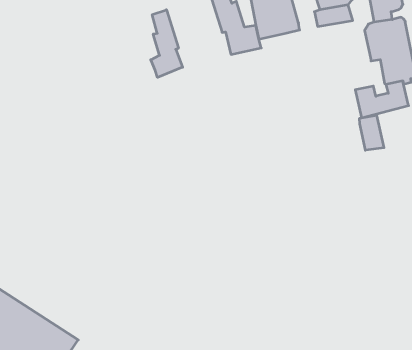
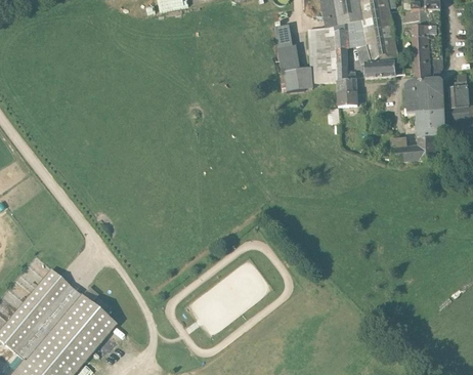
building: [151,10,183,77] -> none
building: none -> [337,70,357,102]
building: [360,115,384,150] -> none

